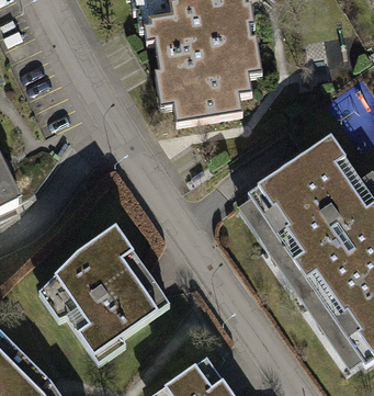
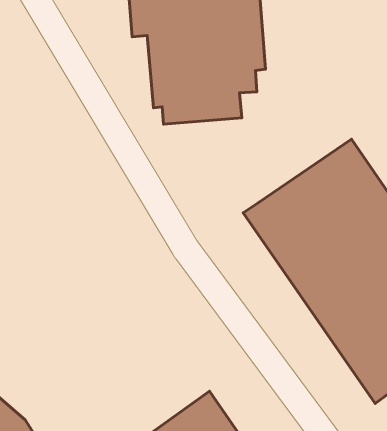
building: [33,227,165,363] -> none

